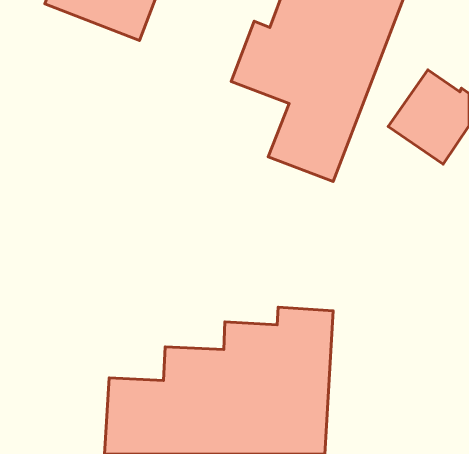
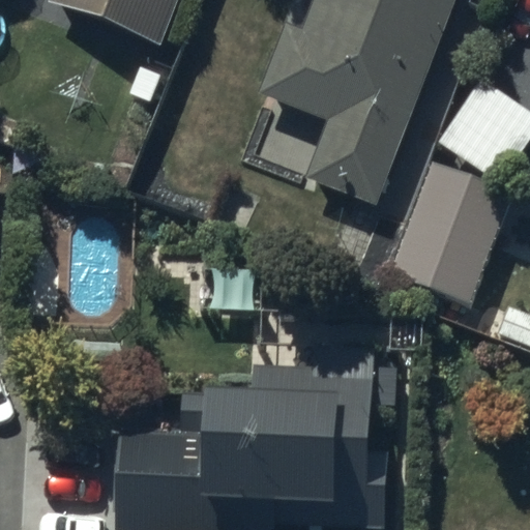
building: none -> [389,155,513,303]

